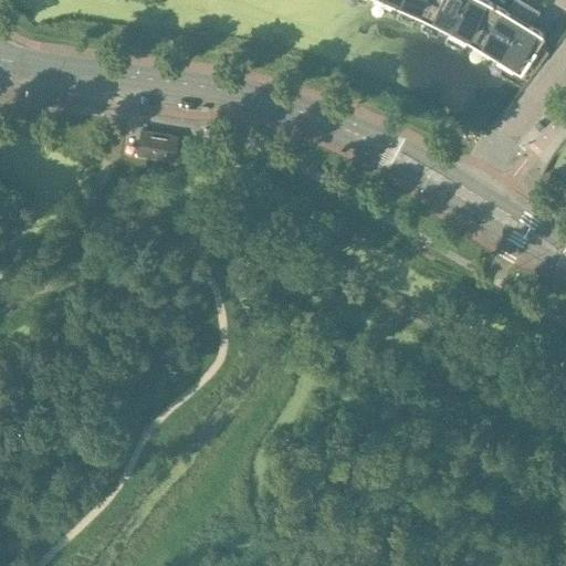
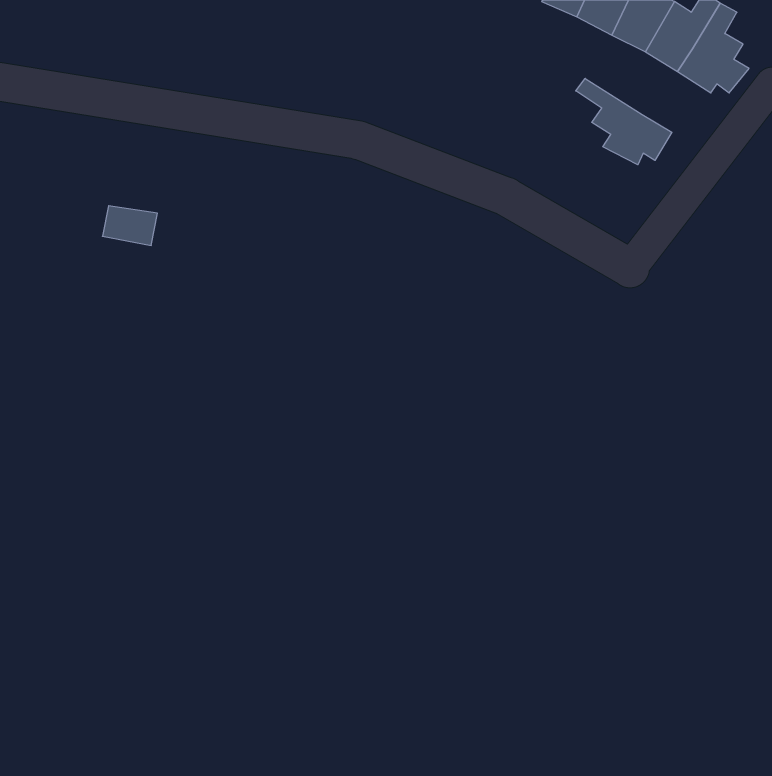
building: none -> [576,78,672,165]
building: [132,132,171,160] -> [102,206,157,245]

